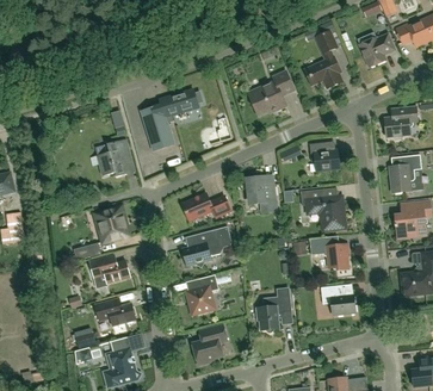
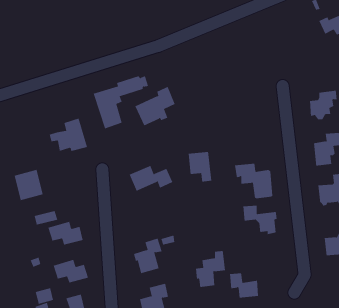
building: [304,21,342,88] -> none
building: [360,35,395,67] -> none
building: [248,70,295,116] -> [134,86,175,126]
building: [310,142,340,172] -> none
building: [95,207,129,243] -> [14,169,43,201]
building: [183,226,231,267] -> none
building: [322,286,355,315] -> [229,273,259,298]

